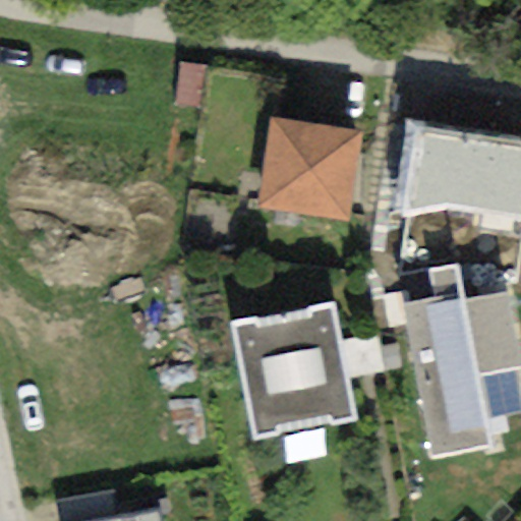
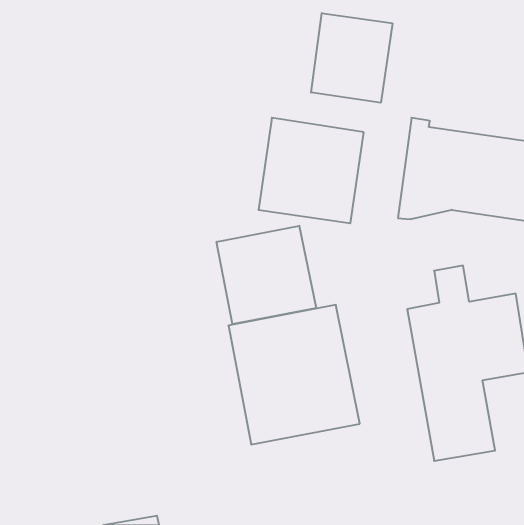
building: none -> [311,13,392,103]
building: none -> [217,226,316,324]

